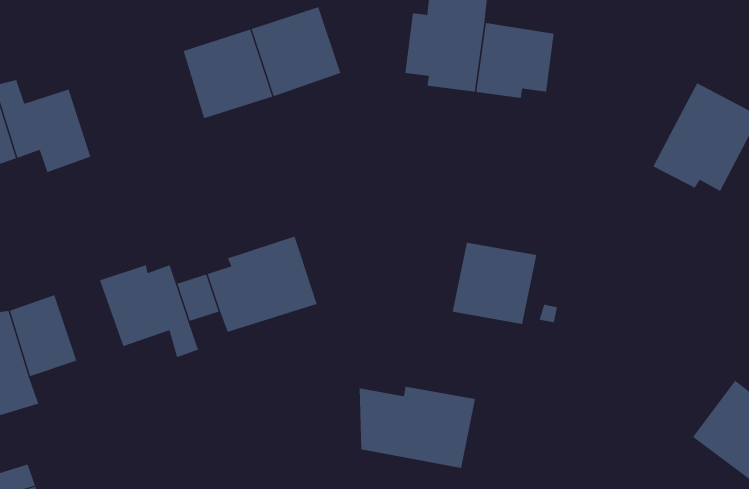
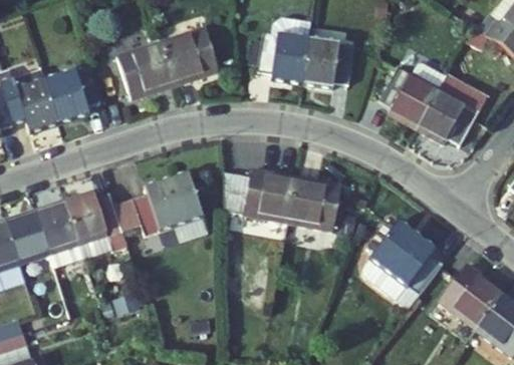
building: none -> [378,63,444,128]
building: none -> [45,65,102,122]
building: none -> [36,201,83,266]
building: none -> [364,217,444,307]
building: [359,386,476,469] -> [223,168,297,221]

